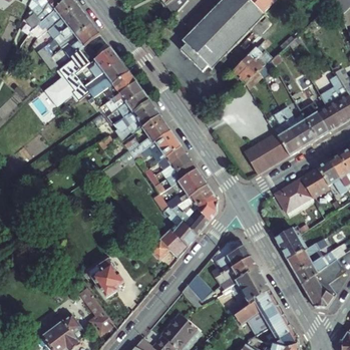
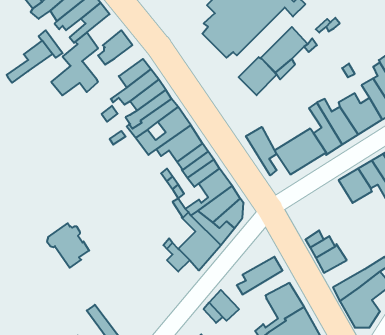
building: [88,60,128,97] -> [7,40,52,83]
building: none -> [239,57,277,95]
building: none -> [246,127,277,175]
building: [275,179,314,217] -> none
building: [287,239,326,273] -> none
building: [216,258,257,290] -> none
building: [86,259,123,298] -> [47,223,89,268]

